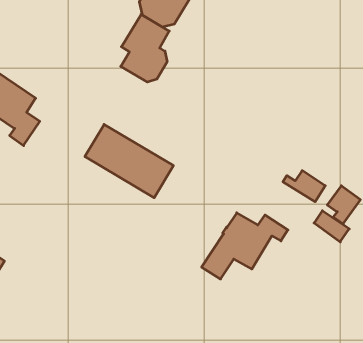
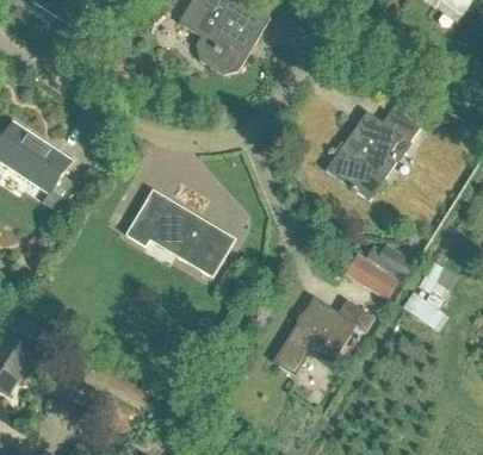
building: [121,14,169,82] -> none
building: none -> [327,107,420,197]
building: none -> [343,251,400,298]

